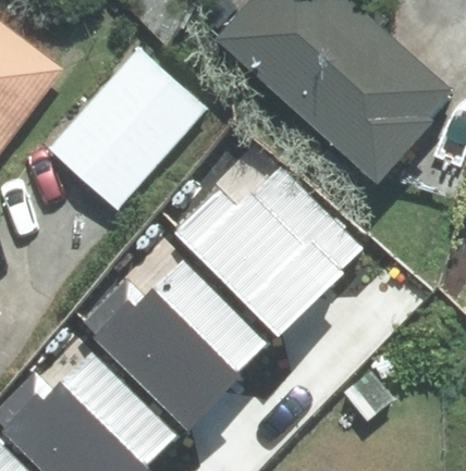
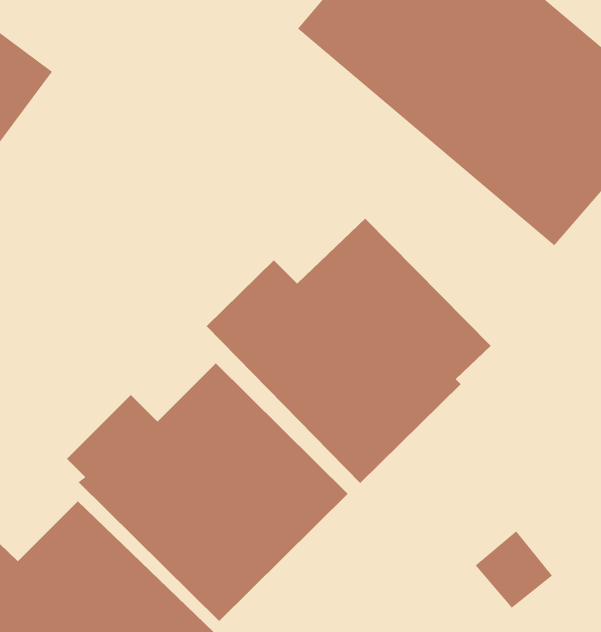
building: [50,48,208,210] -> none

